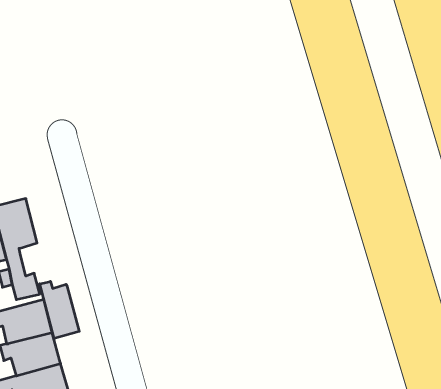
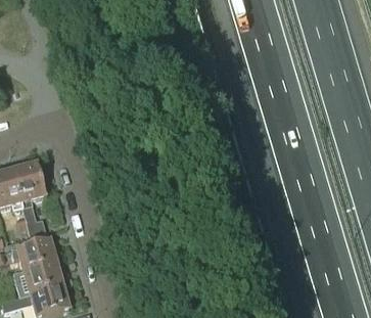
building: [40,281,79,339] -> none

